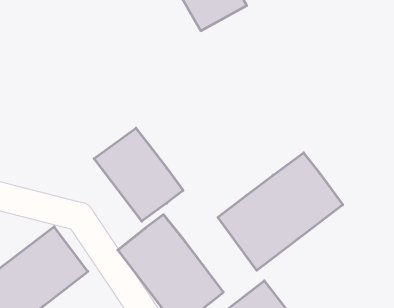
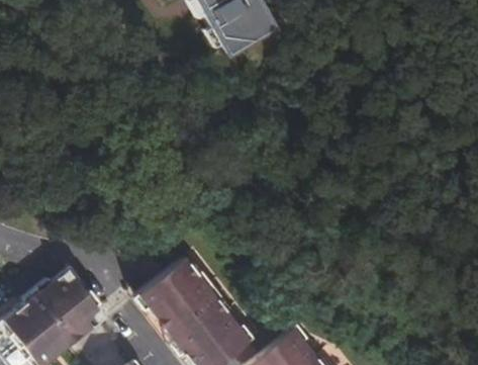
building: [94,128,183,221] -> none
building: [218,153,343,270] -> none

